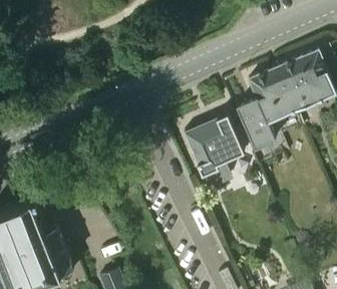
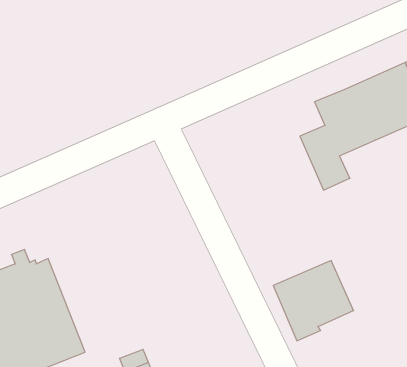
building: [184,115,245,177] -> [273,261,354,341]

